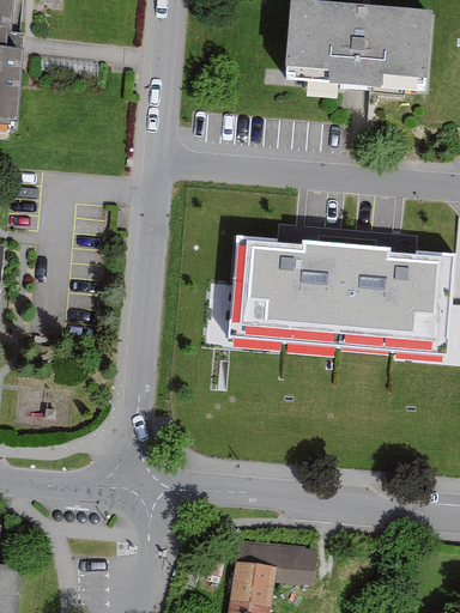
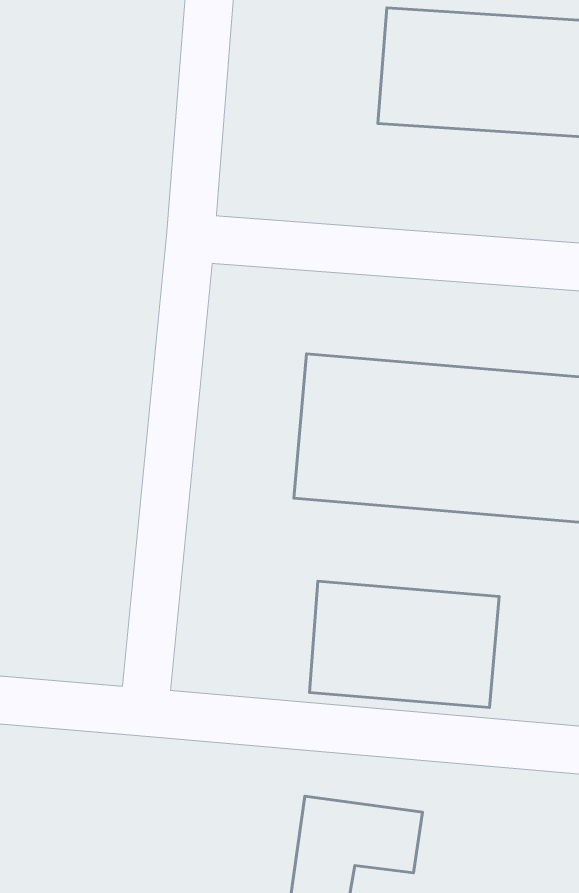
building: none -> [310,581,499,708]

